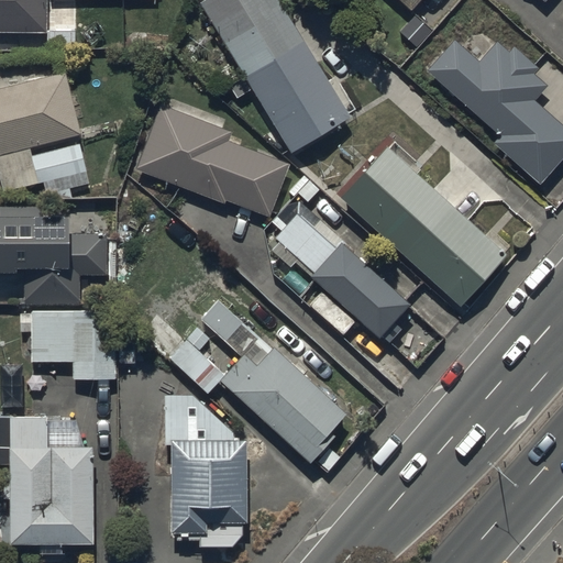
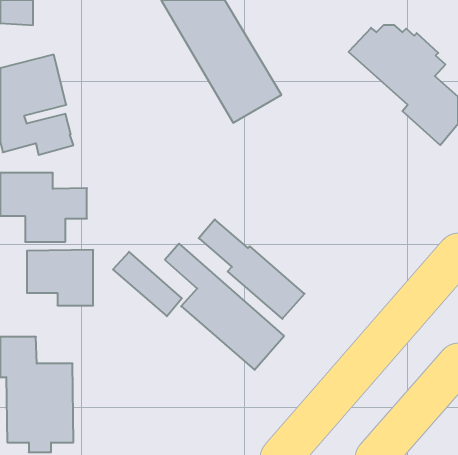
building: [135,103,286,216] -> none
building: [340,150,507,309] -> none
building: [280,214,410,336] -> [199,219,305,319]
building: [166,396,243,549] -> none

